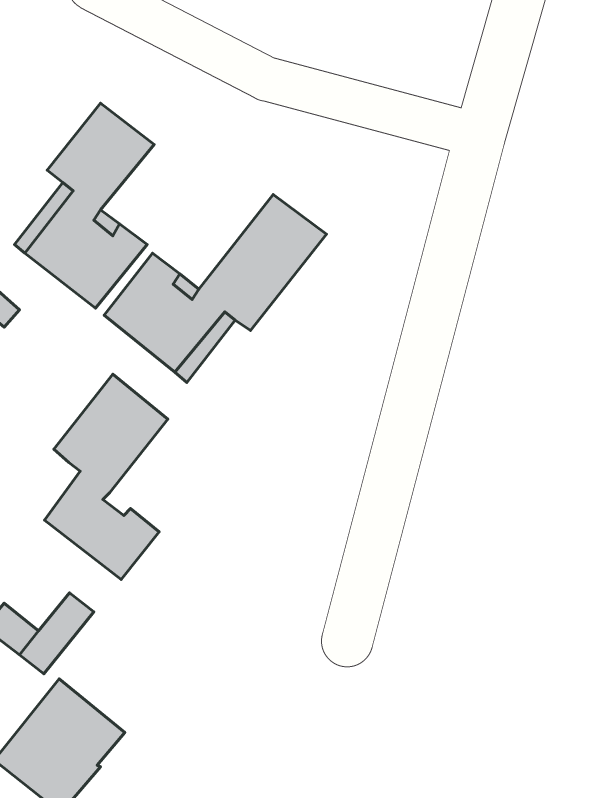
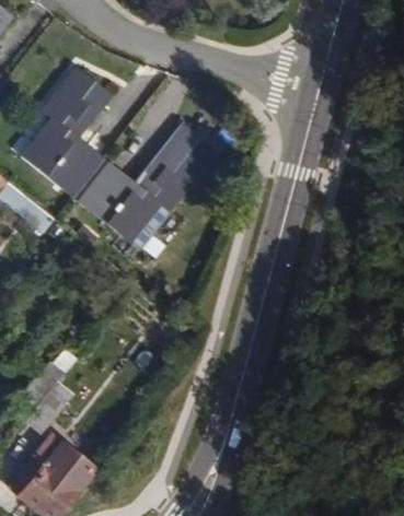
building: [44,374,168,579] -> none

